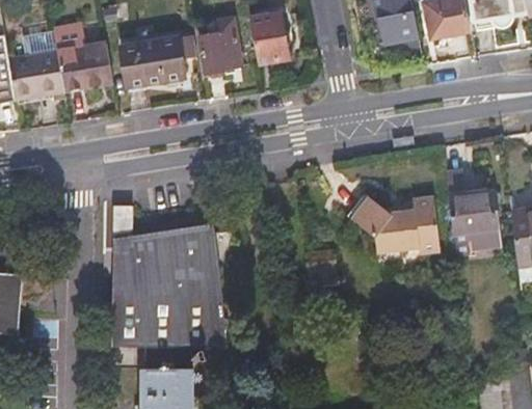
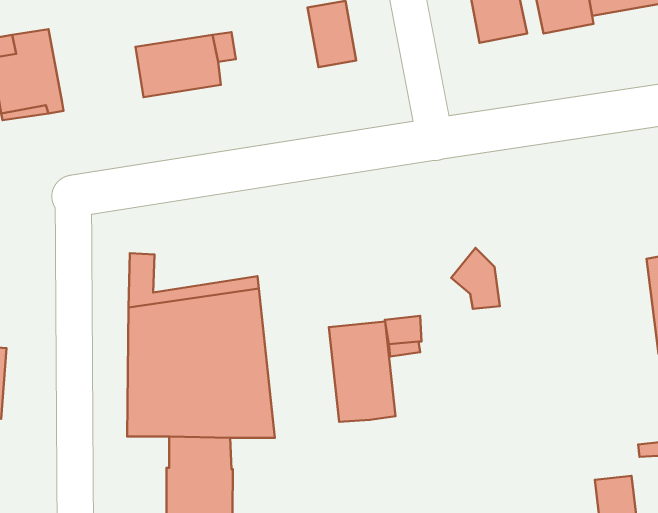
building: [197,18,243,73] -> none
building: [52,30,110,90] -> none
building: [446,168,498,258] -> none
building: [394,200,440,252] -> none
building: none -> [329,321,395,422]

